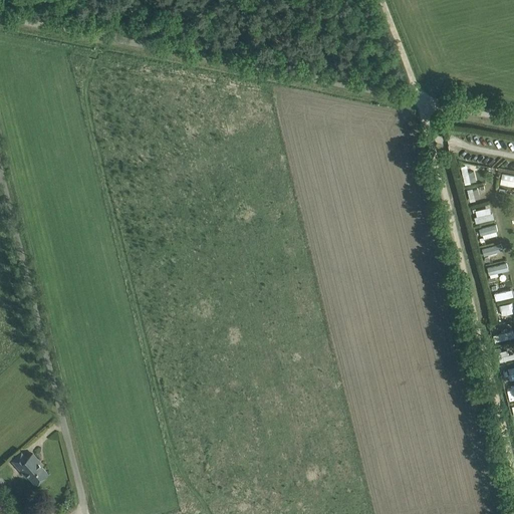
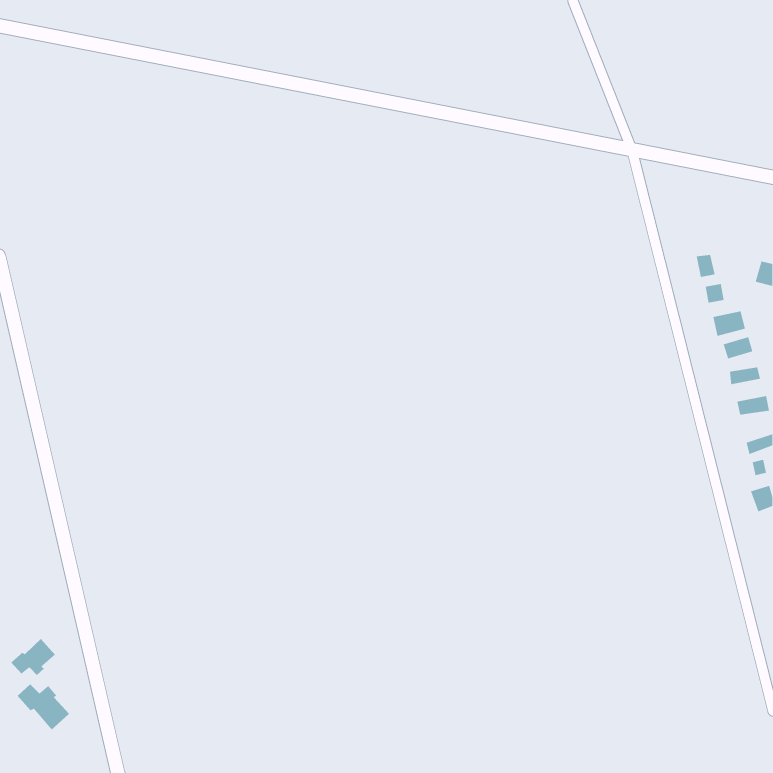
building: none -> [11,638,56,676]

